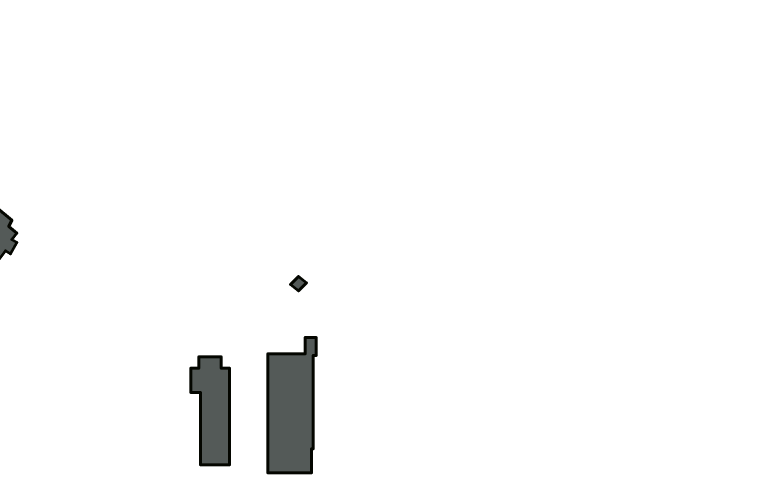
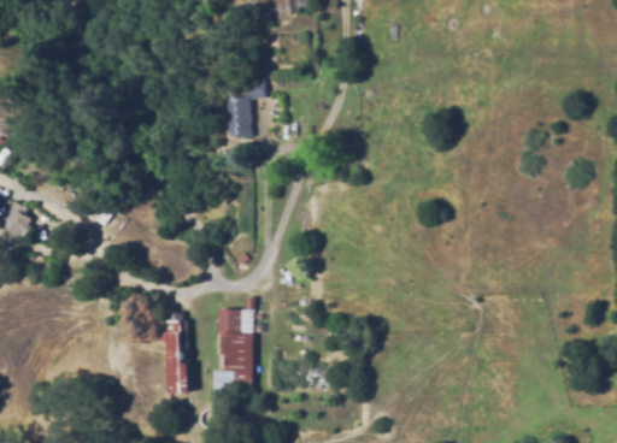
building: none -> [224,83,260,137]

